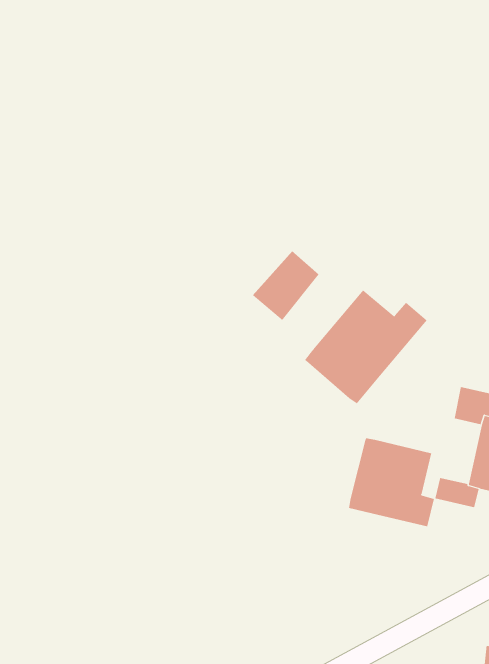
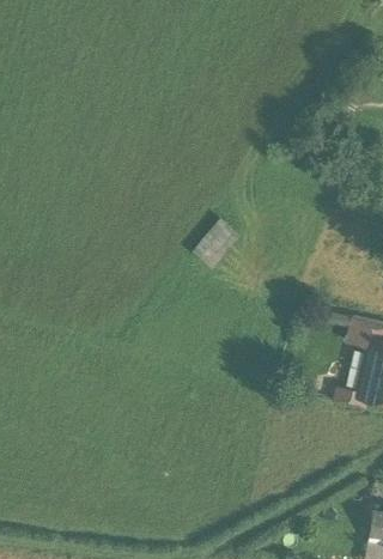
building: [305,289,427,404] -> none
building: [349,438,435,527] -> none

